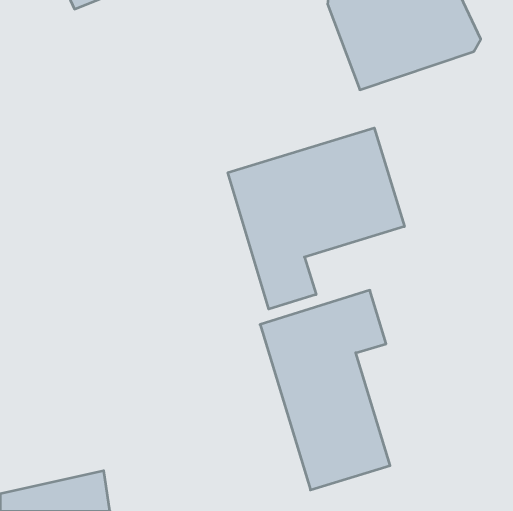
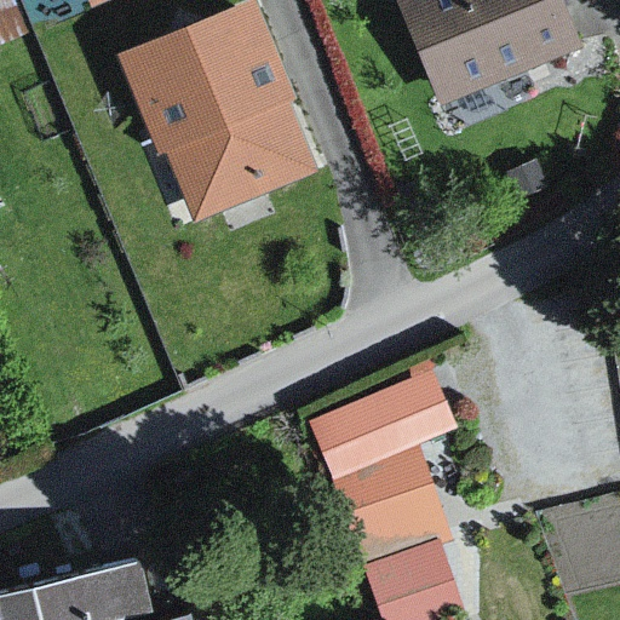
building: none -> [114,7,318,224]
building: [228,128,404,309] -> none

